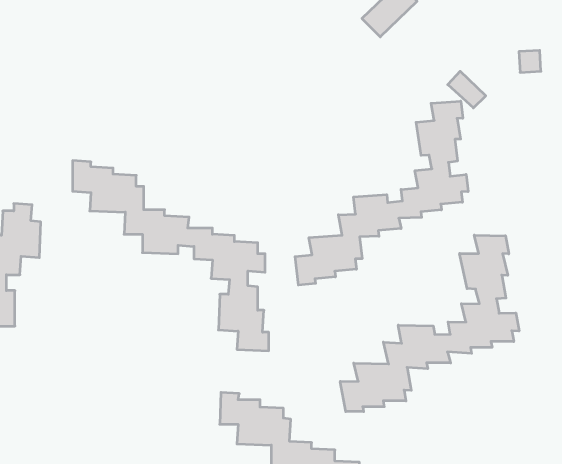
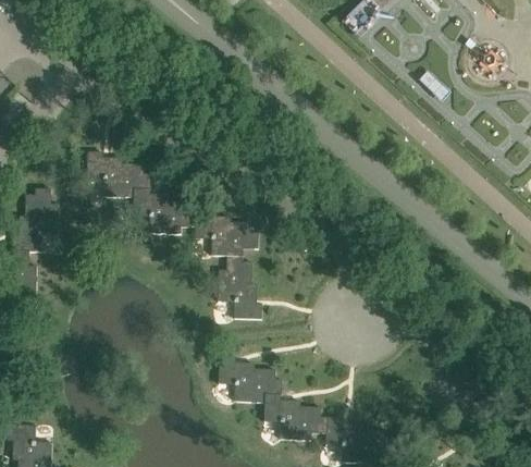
building: [295,101,468,285] -> none
building: [340,235,519,412] -> none

